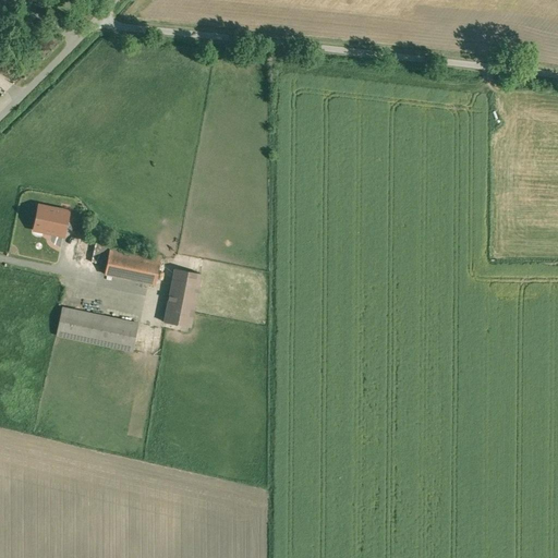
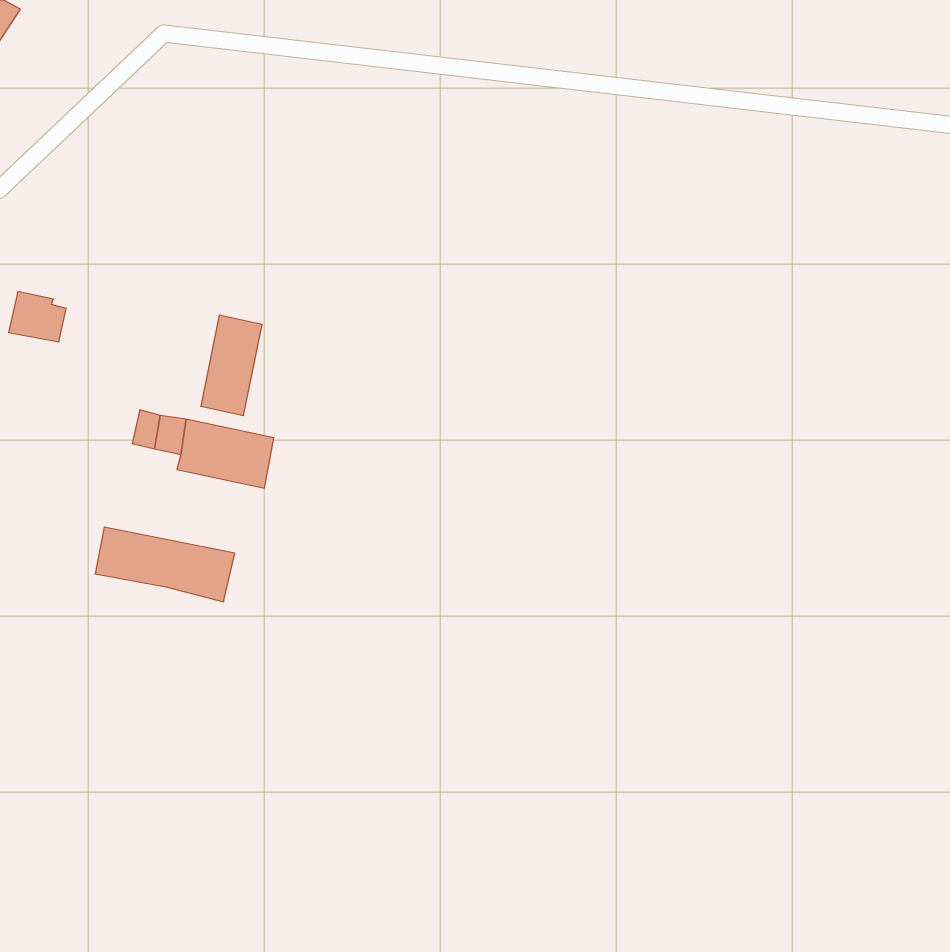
building: [33,206,66,235] -> [9,292,66,342]
building: [163,269,199,328] -> [201,315,262,416]

